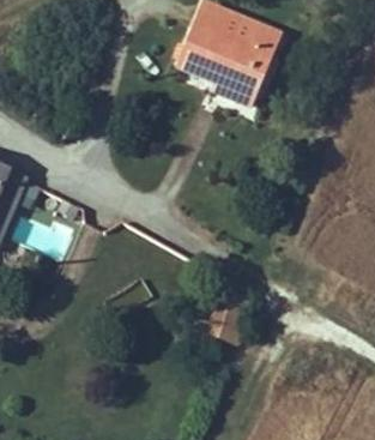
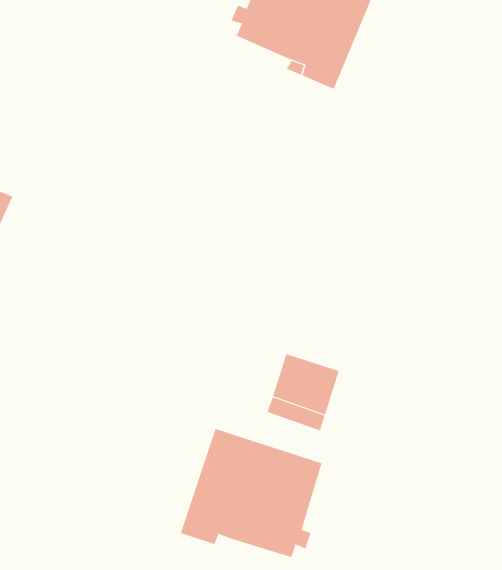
building: none -> [180,428,322,558]

